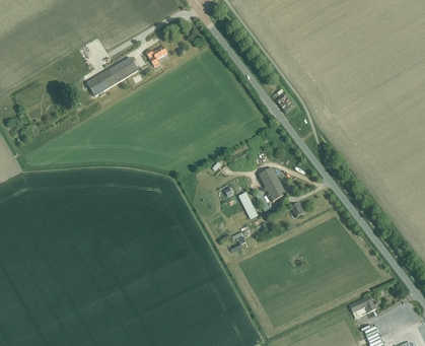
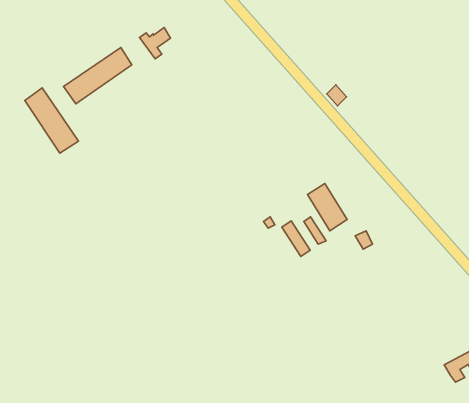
building: none -> [25,88,79,153]

